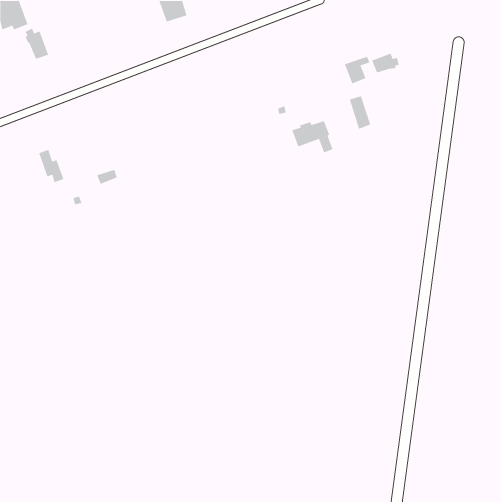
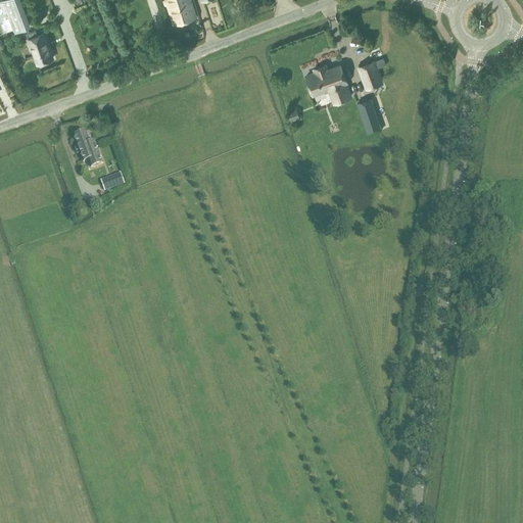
building: [371,53,400,74] -> none
building: [291,120,333,154] -> [305,65,349,100]
building: [38,149,65,183] -> [74,133,101,169]

